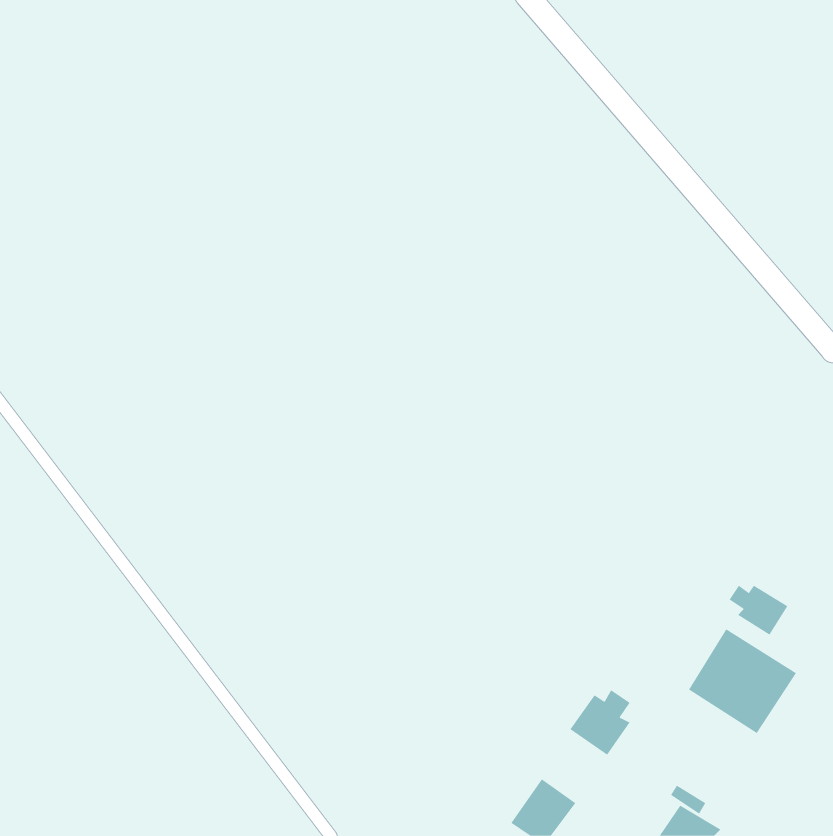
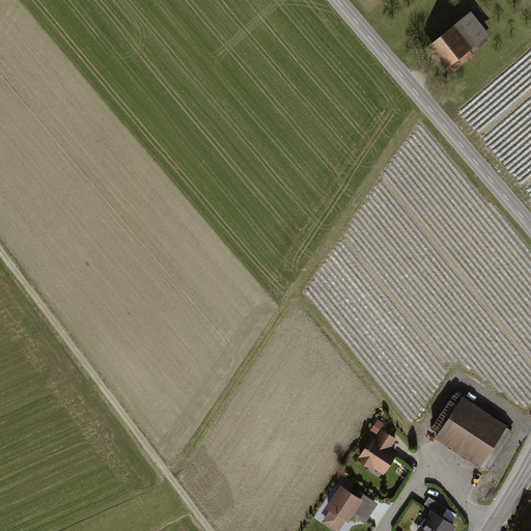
building: none -> [423,15,488,75]
building: [729,585,788,635] -> none

